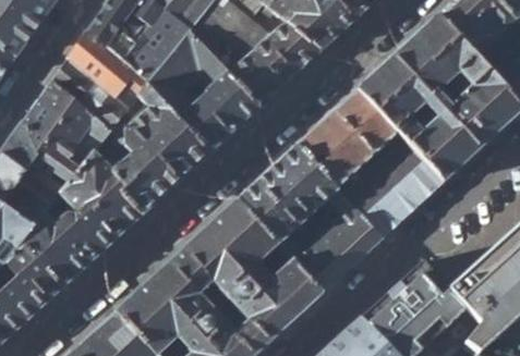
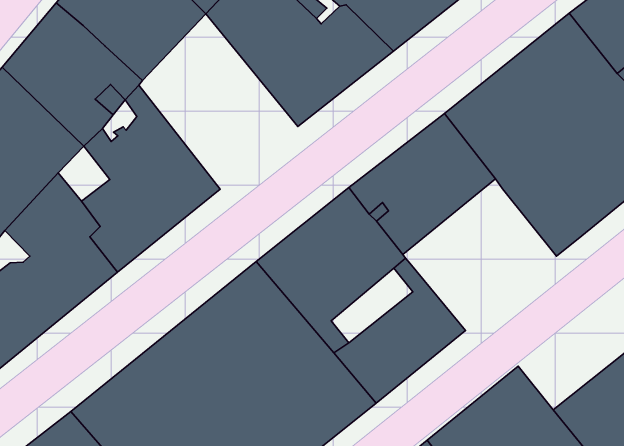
building: [145,33,256,152] -> none
building: [340,138,440,237] -> none

